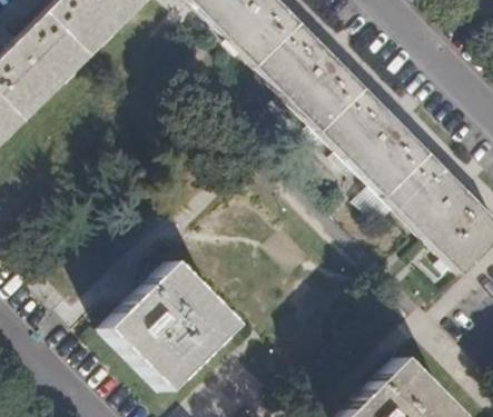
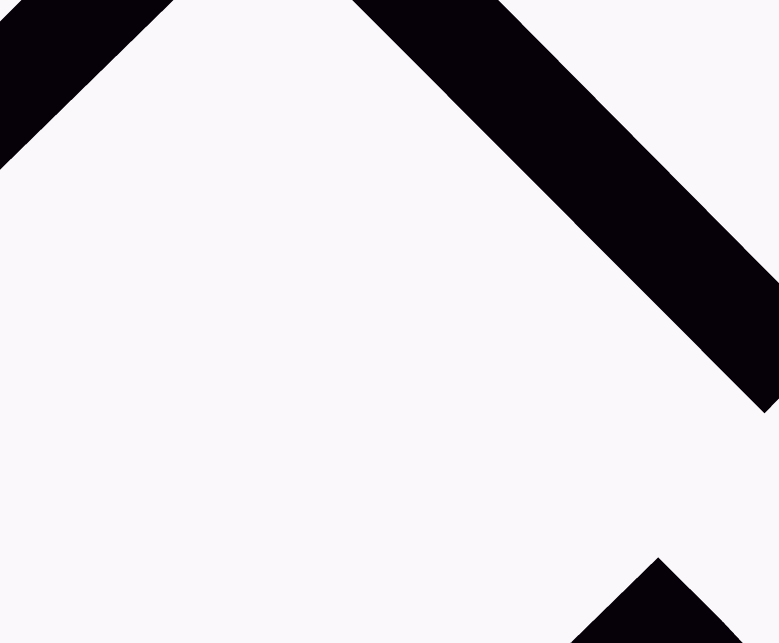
building: [103,261,234,390] -> none

